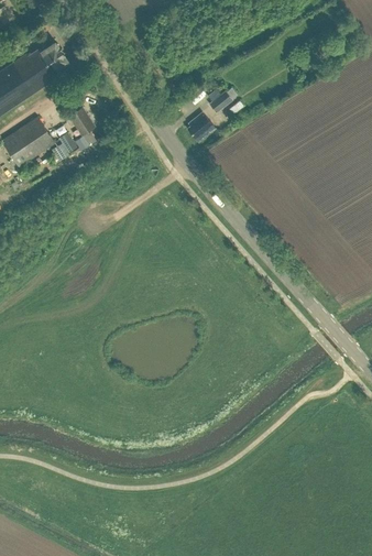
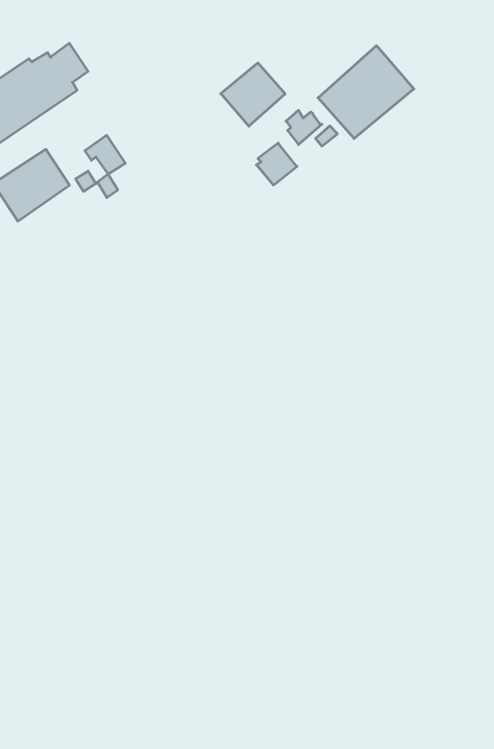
building: none -> [318,46,414,139]
building: none -> [221,63,285,126]

